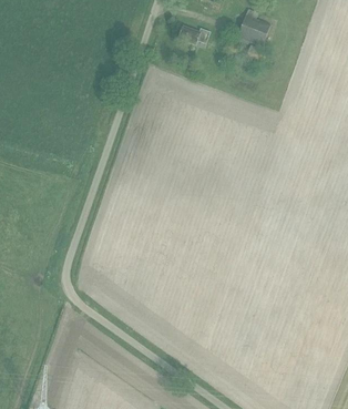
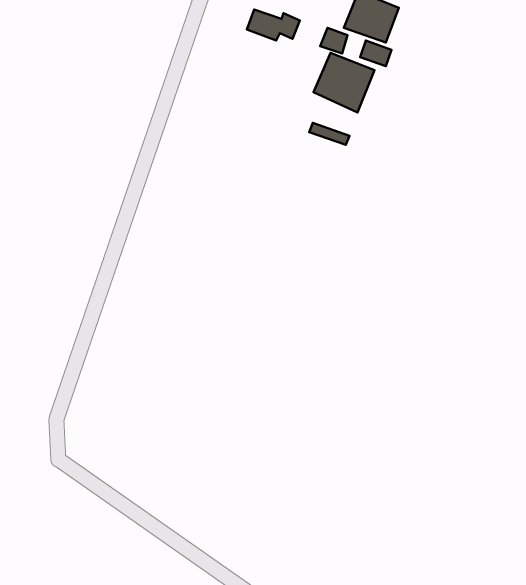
building: none -> [313,53,374,112]

